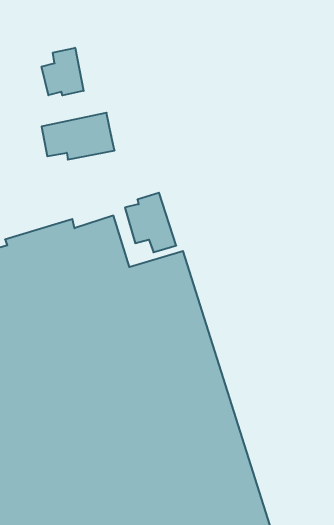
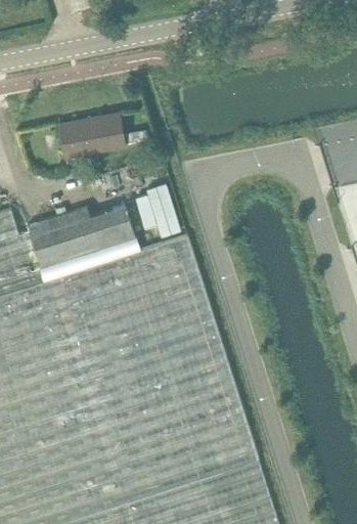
building: [42,48,84,95] -> none

